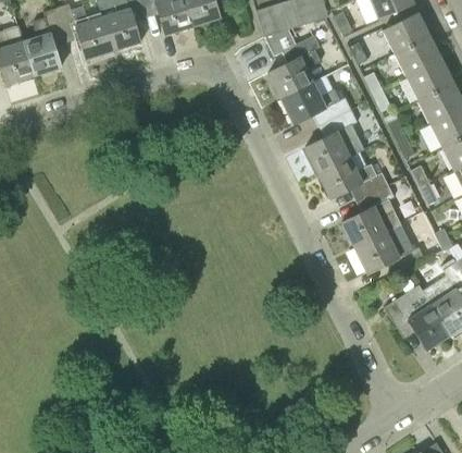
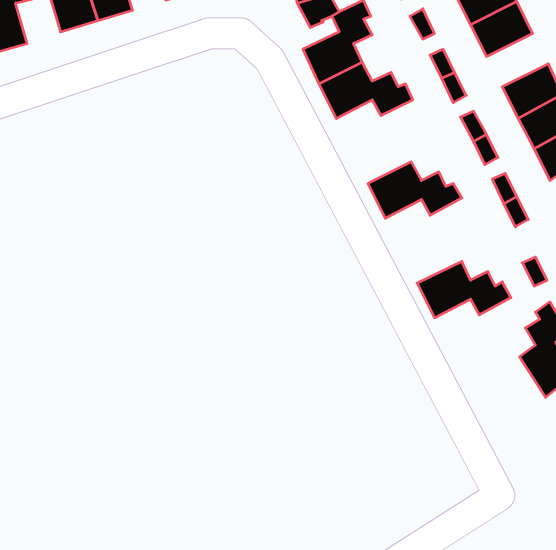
building: [407,61,453,101] -> none
building: [305,111,358,174] -> none
building: [342,185,394,249] -> none
building: [384,301,451,351] -> none

